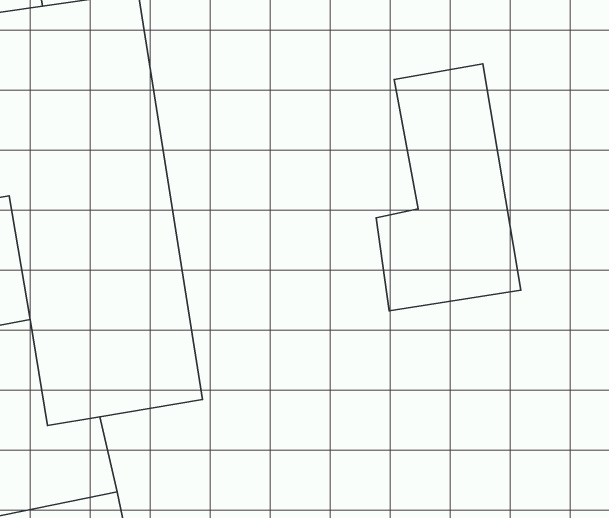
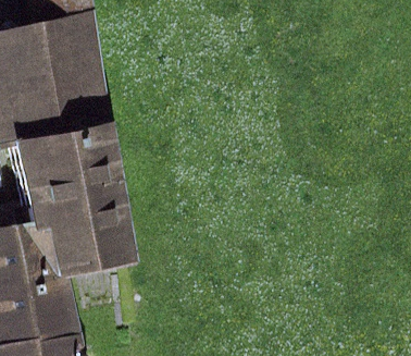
building: [376,64,521,311] -> none

